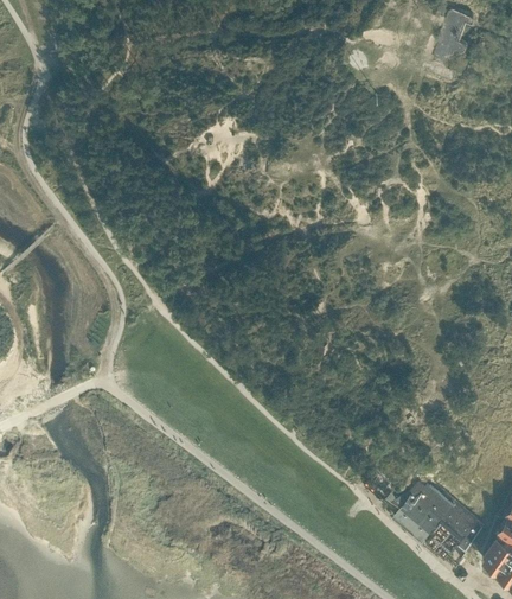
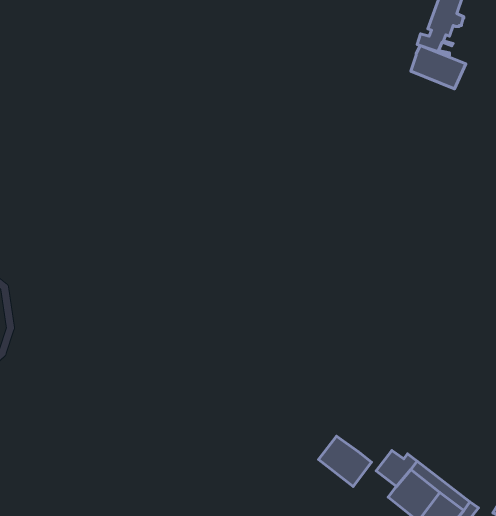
building: none -> [411,46,466,89]
building: none -> [319,436,372,487]

